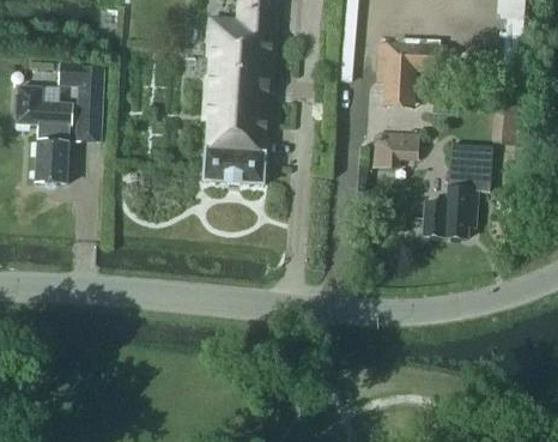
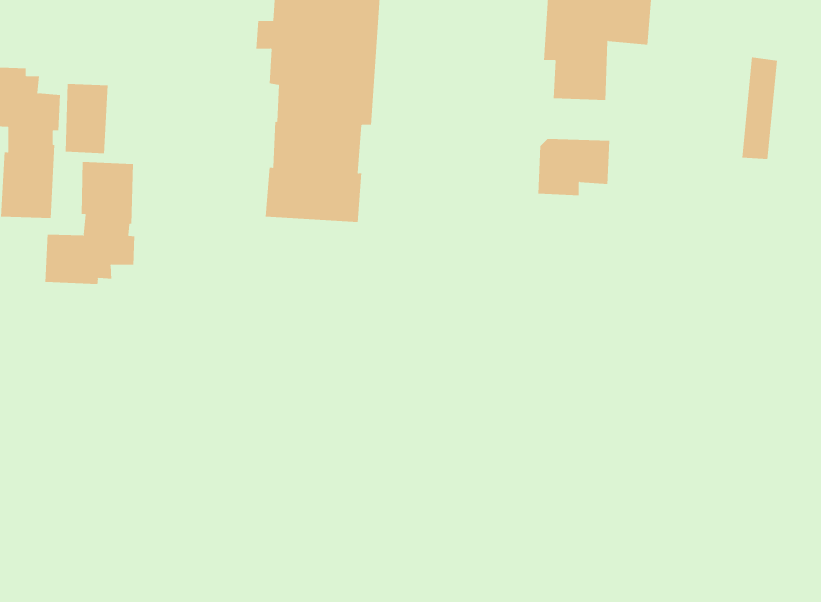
building: [59,62,104,98] -> none
building: [421,144,493,237] -> none
building: none -> [45,161,135,285]

